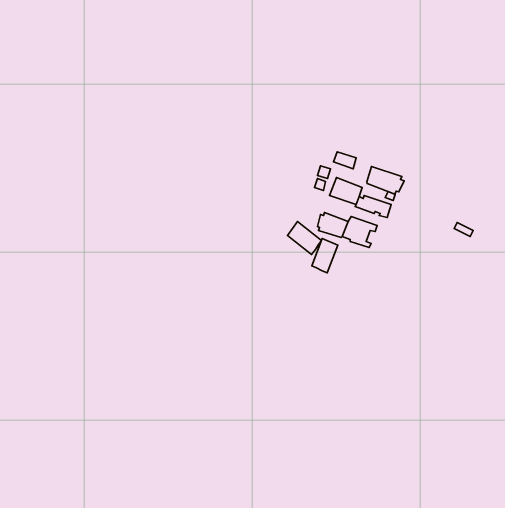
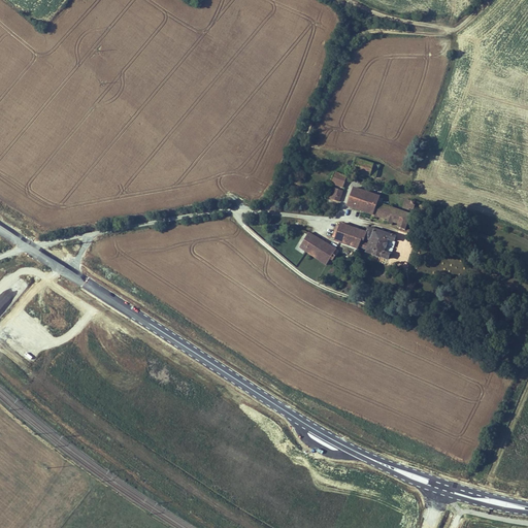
building: [367,167,404,194] -> none
building: [312,238,338,273] -> none

